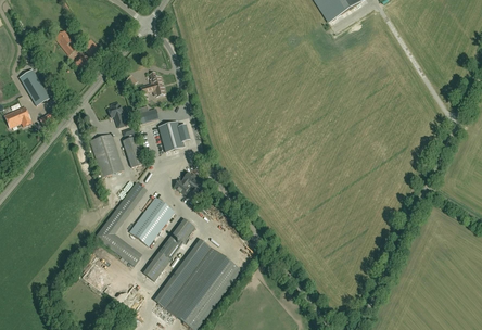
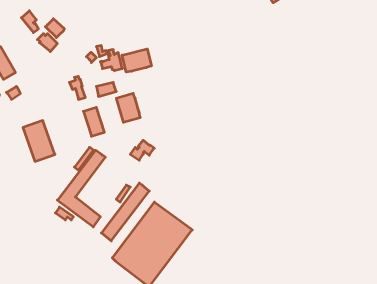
building: none -> [122,49,151,72]
building: [89,132,124,177] -> [23,121,55,161]
building: [129,198,174,245] -> none

